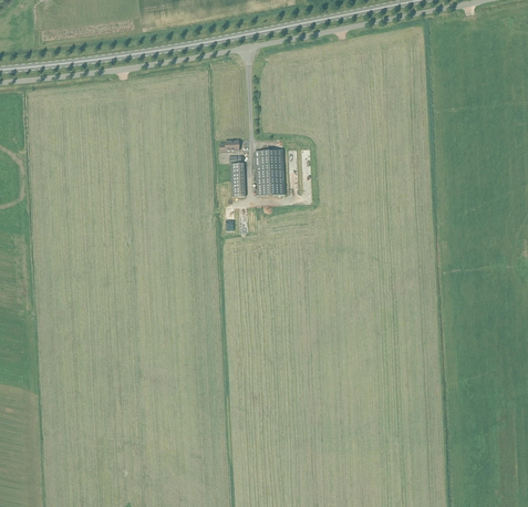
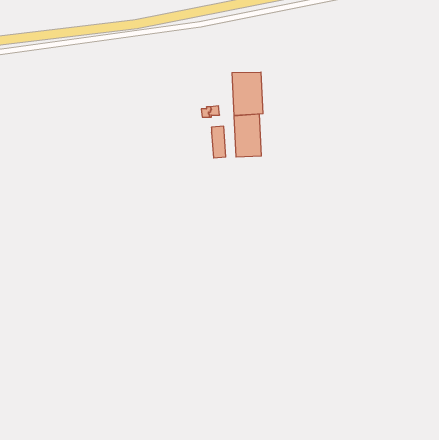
building: none -> [232,72,263,115]

